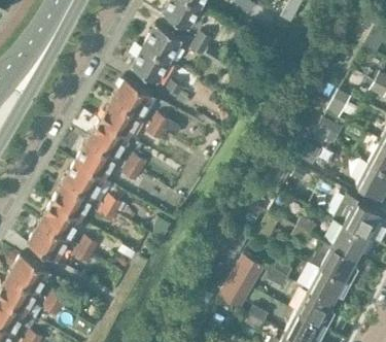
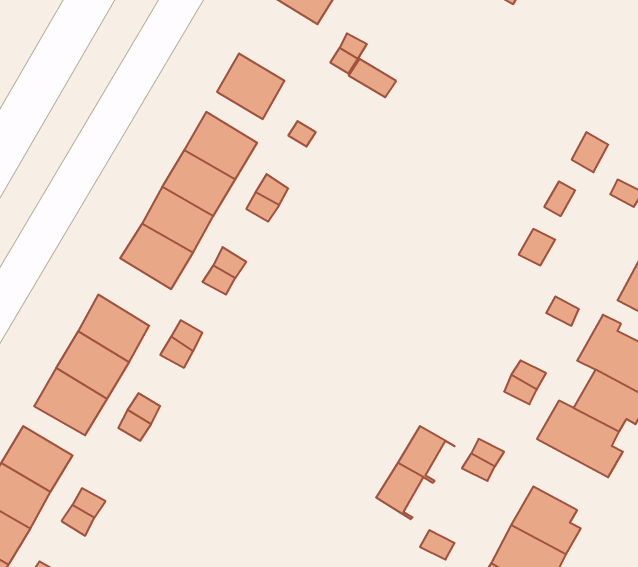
building: [143,26,181,62] -> none
building: [64,162,105,200] -> none
building: [299,263,351,304] -> none

